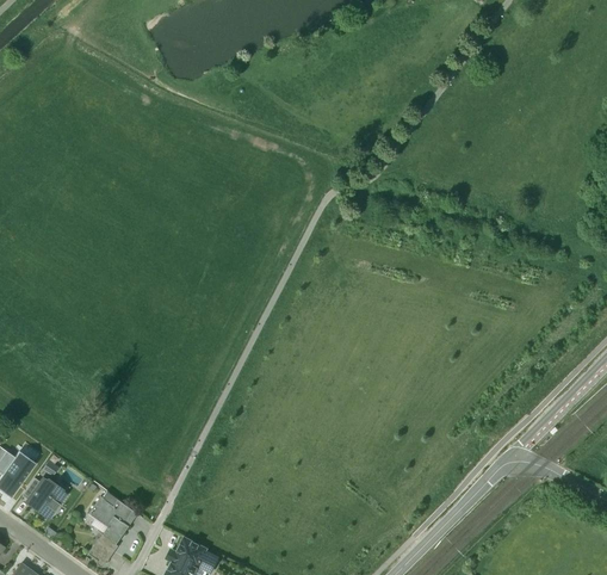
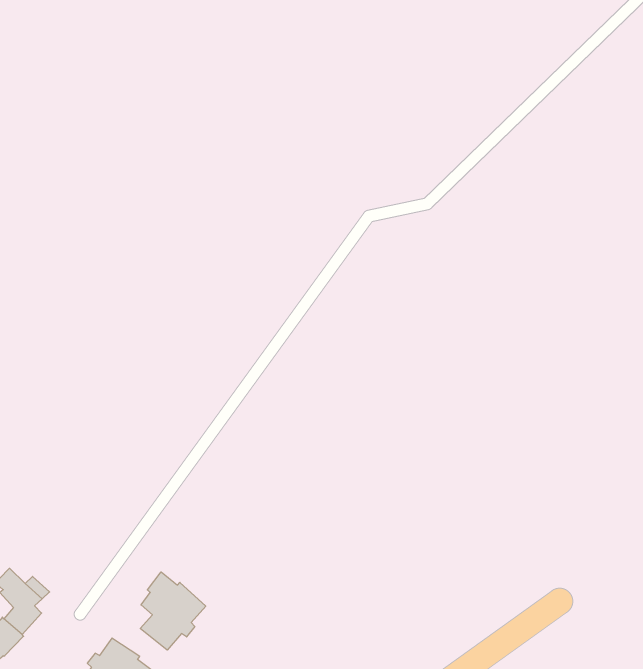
building: none -> [140,572,206,650]

